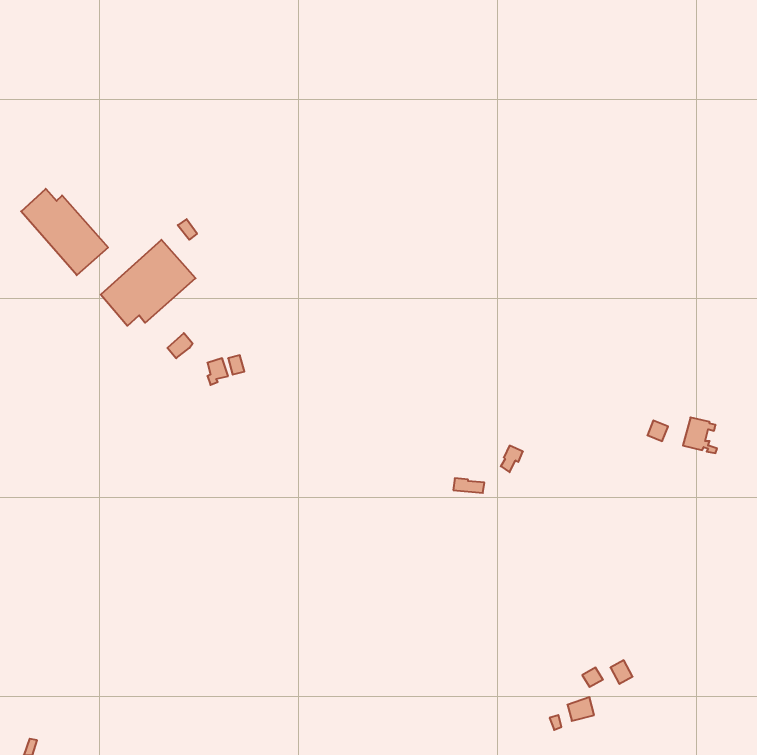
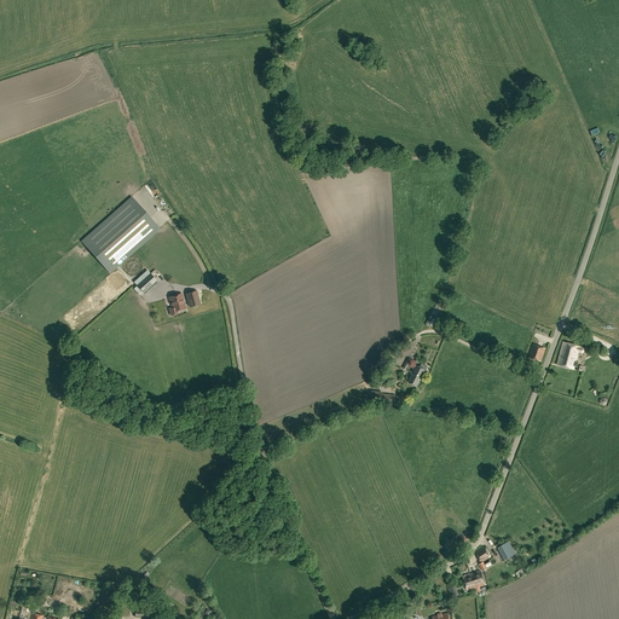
building: [21,189,108,275] -> none

